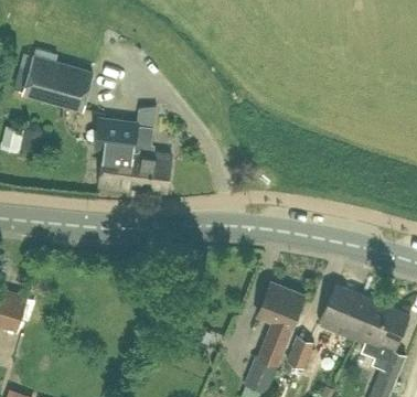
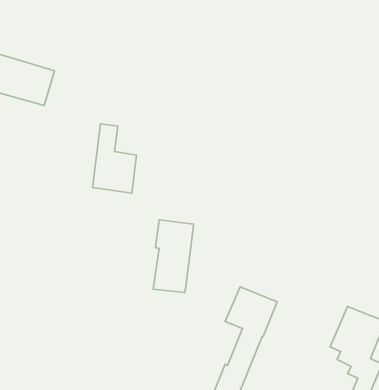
building: [97,121,136,191] -> [153,220,194,292]
building: [318,285,372,340] -> none
building: [285,332,313,369] -> none

